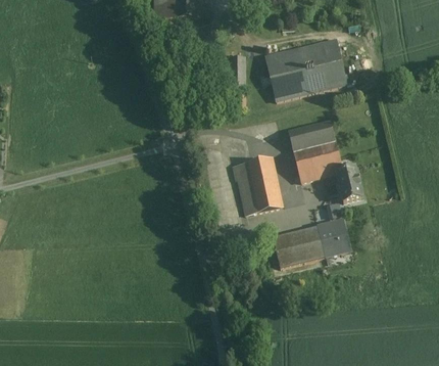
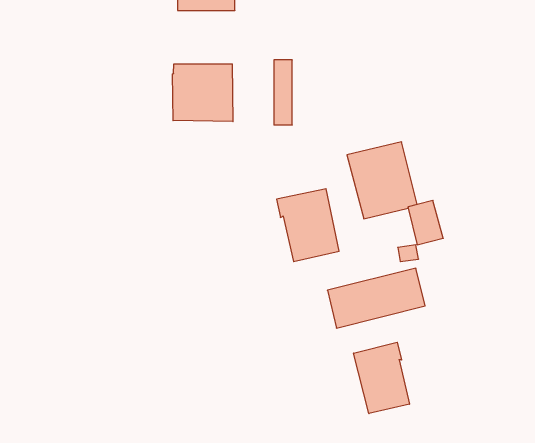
building: [265,39,346,100] -> none
building: none -> [172,64,233,122]
building: none -> [354,342,409,414]

